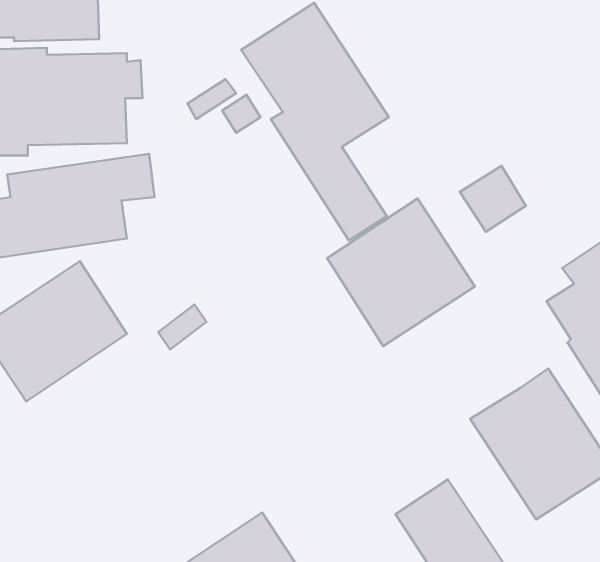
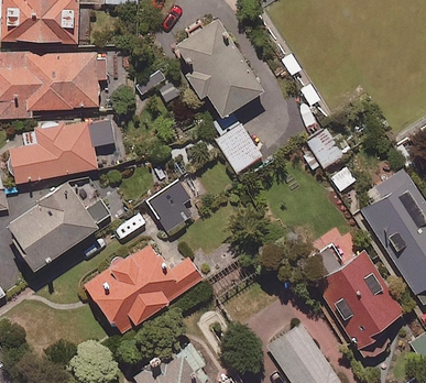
building: [327,198,475,346] -> none
building: none -> [148,180,192,232]
building: none -> [84,243,203,337]

